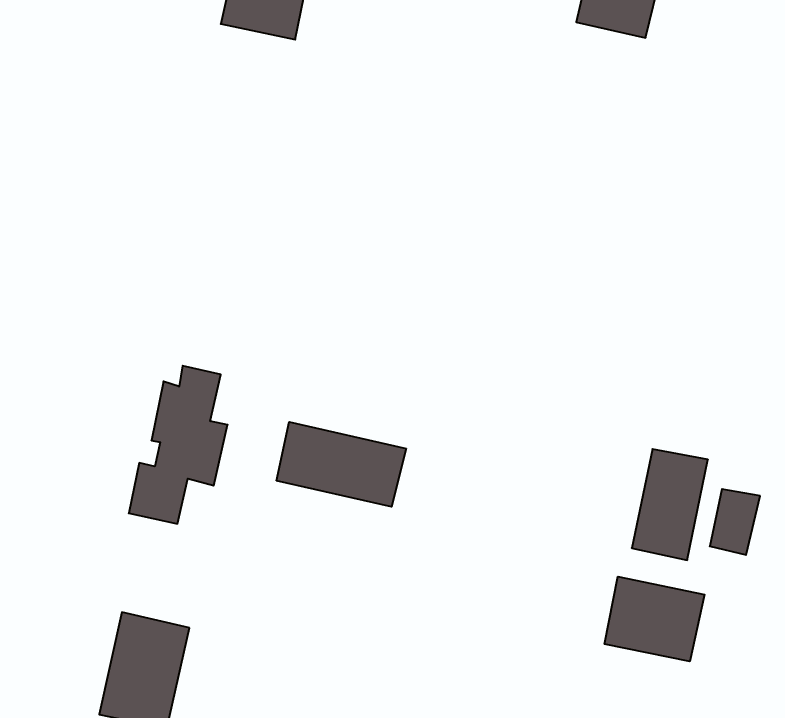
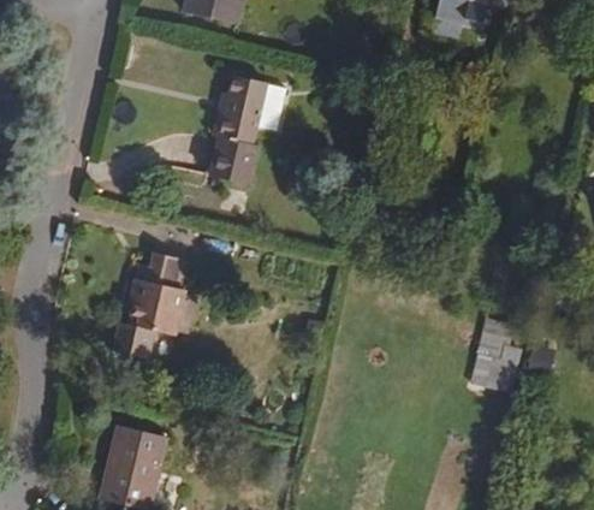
building: none -> [208,69,267,180]
building: [277,422,406,507] -> none
building: [605,577,705,661] -> none

